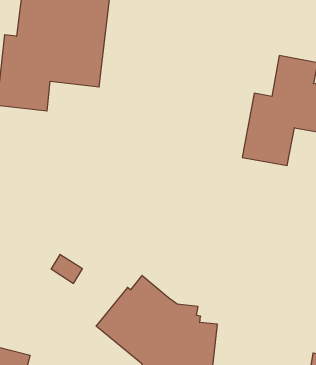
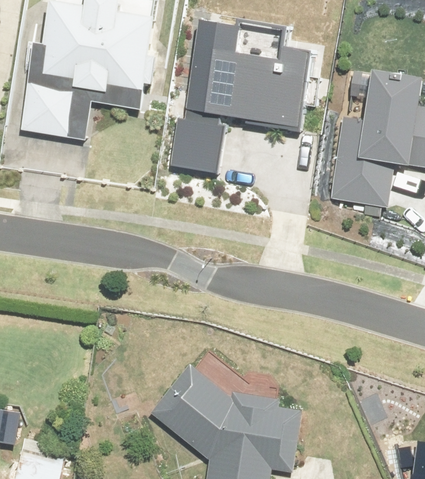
building: none -> [169,21,313,172]

